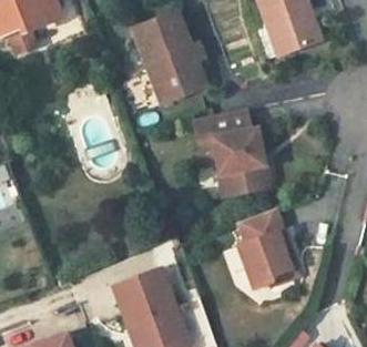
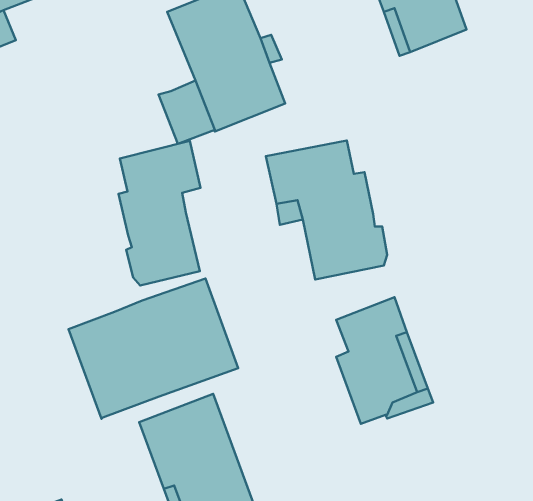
building: none -> [118,141,200,286]
building: none -> [69,279,238,419]

